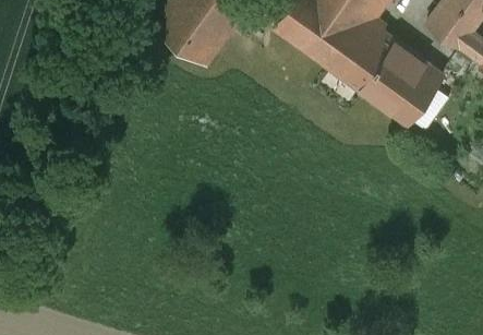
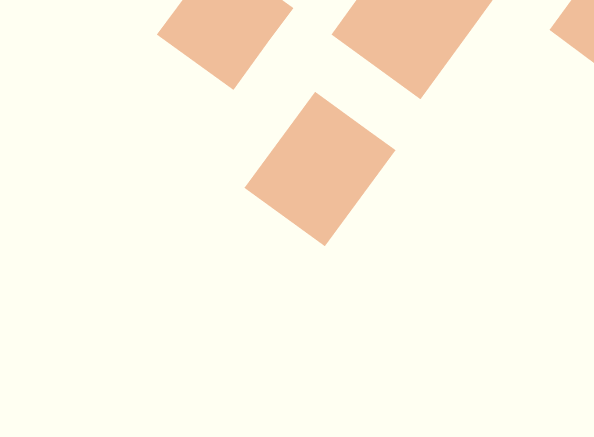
building: [336,26,442,125] -> none
building: none -> [243,91,397,247]

